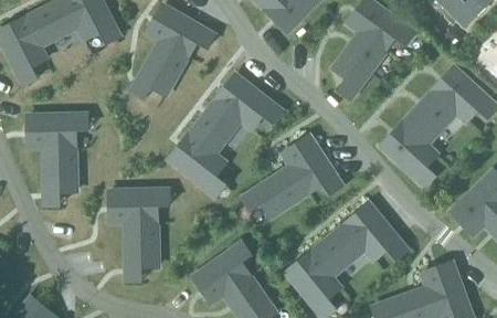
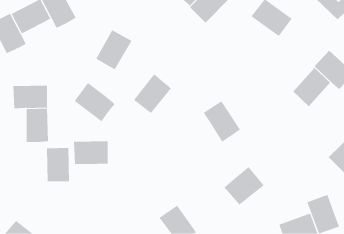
building: [147,7,203,56] -> none
building: [334,33,385,88] -> none
building: [215,76,272,129] -> none
building: [381,124,436,178] -> none
building: [169,135,225,189] -> [74,82,116,122]
building: [253,167,308,218] -> none
building: [345,204,399,262] -> none
building: [125,222,157,268] -> [46,147,70,182]
building: [192,252,248,304] -> none
building: [286,253,340,309] -> none

